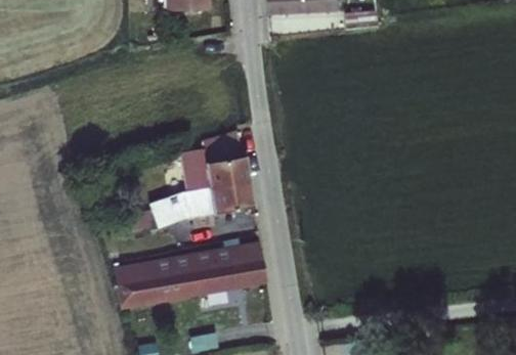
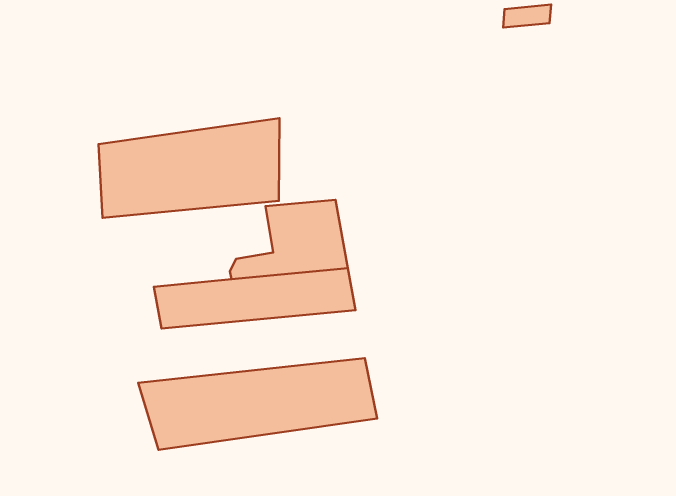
building: none -> [99,118,280,218]

